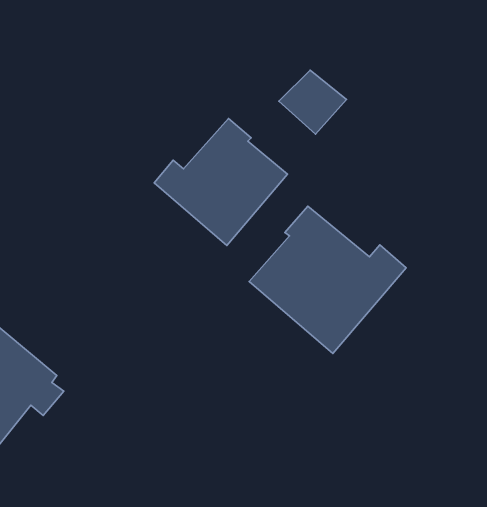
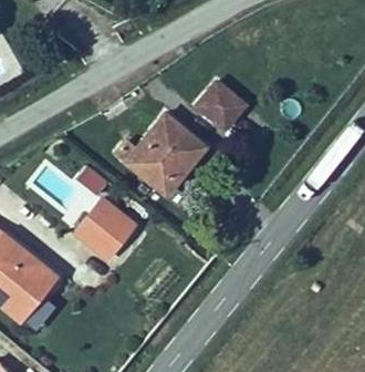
building: [249,206,406,354] -> none
building: none -> [72,198,136,262]

